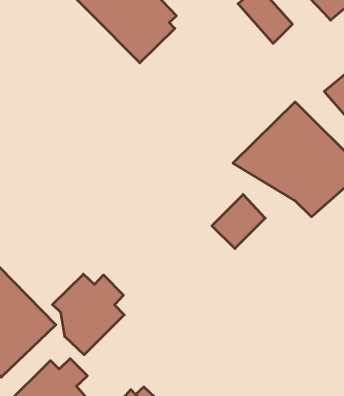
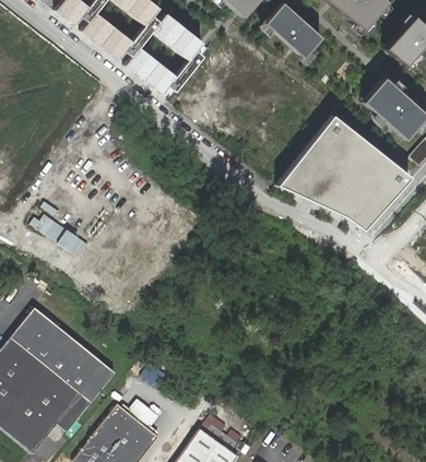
building: [212,194,265,249] -> none
building: [52,274,124,355] -> none

